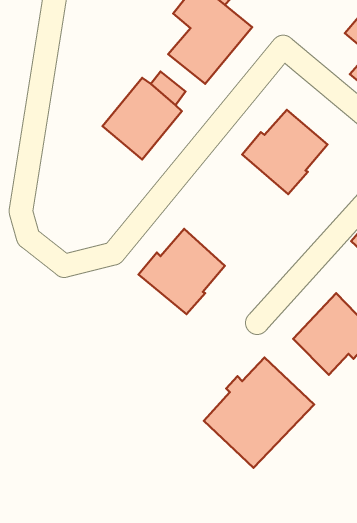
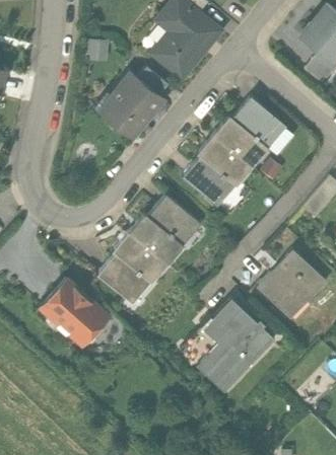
building: none -> [183,135,252,206]
building: none -> [98,233,169,305]
building: none -> [43,281,108,344]

